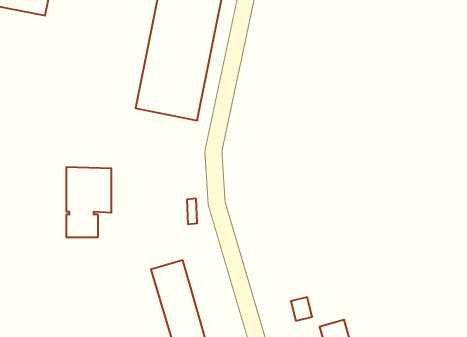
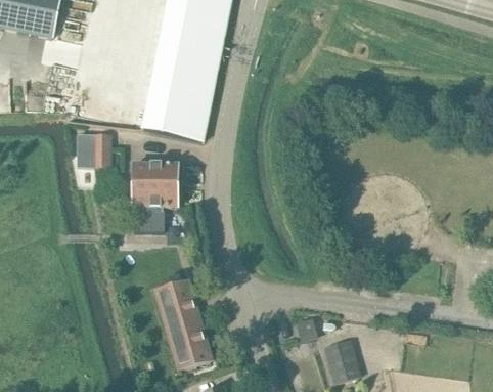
building: none -> [85,133,111,166]
building: [66,167,111,237] -> [133,162,178,231]

